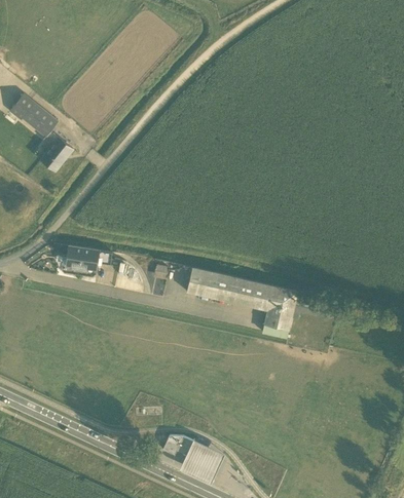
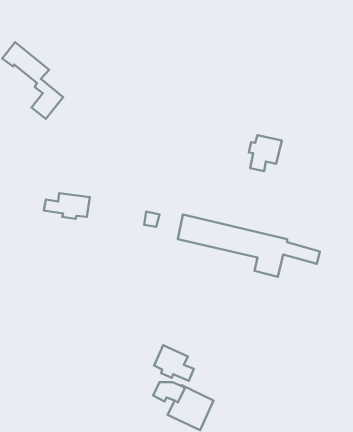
building: none -> [249,135,282,171]
building: none -> [154,345,194,381]

